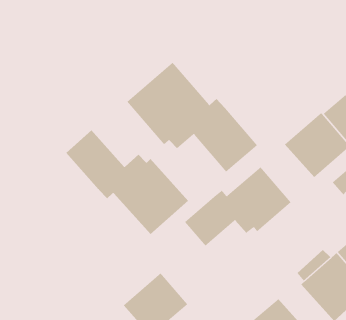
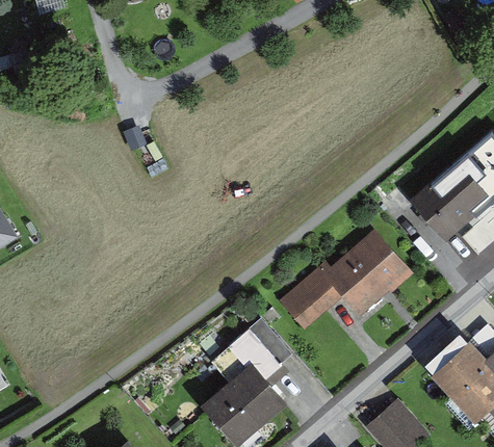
building: [127,62,258,173] -> none
building: [65,130,189,235] -> none
building: none -> [230,327,289,389]

